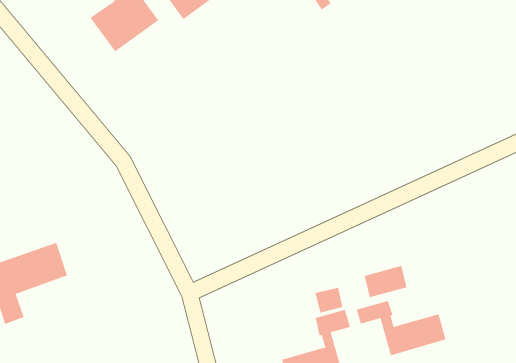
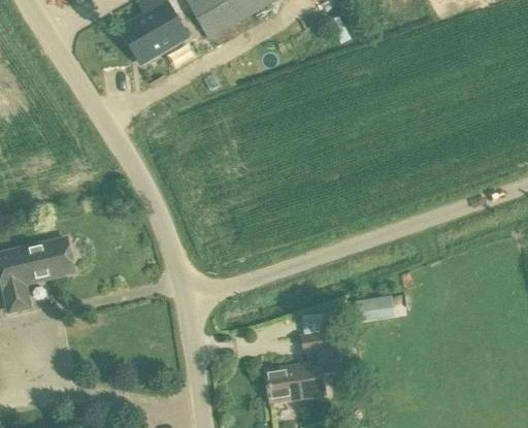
building: [356,300,446,356] -> none

